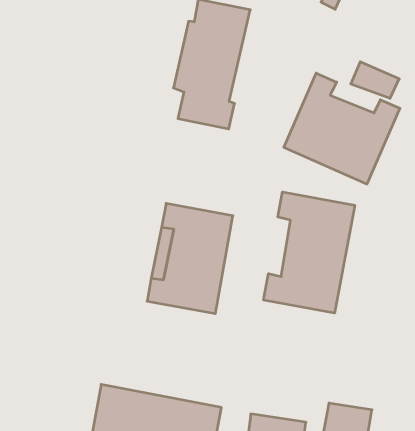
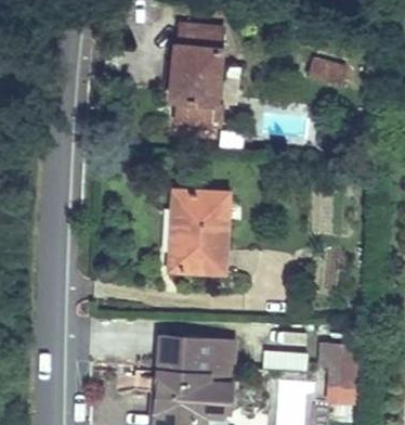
building: [284,73,400,184] -> none
building: [264,192,355,313] -> none

